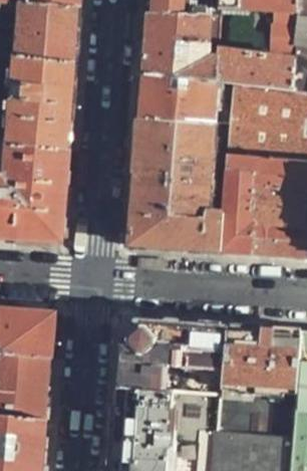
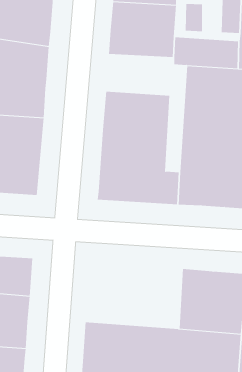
building: [138,75,218,124] -> none
building: [114,319,228,396] -> none

